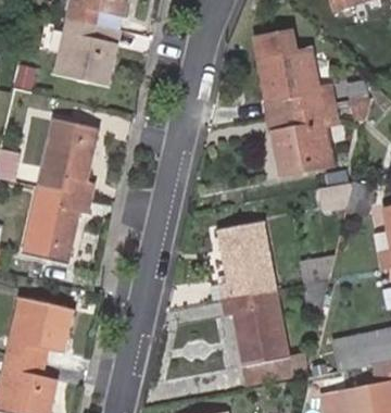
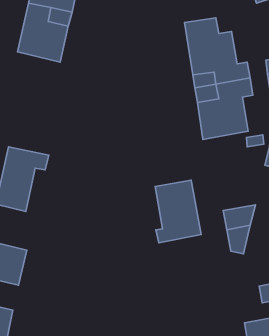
building: [46,117,98,196] -> none
building: [223,289,303,385] -> none

